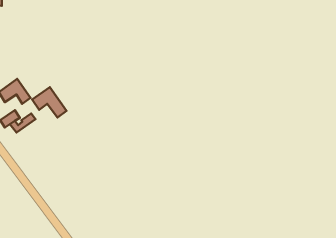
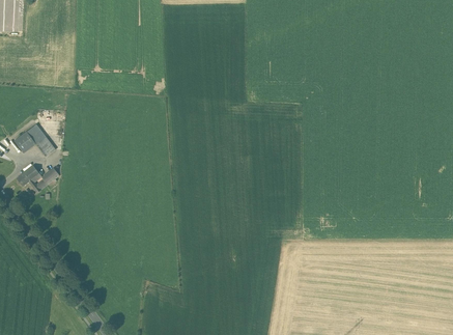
building: [32,87,66,118] -> none

